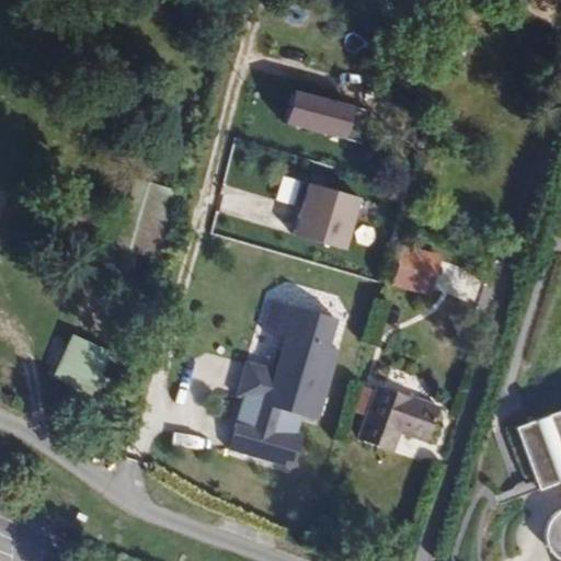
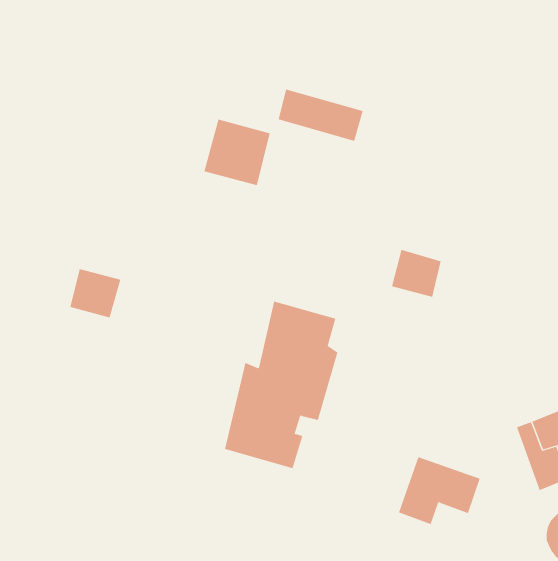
building: [295,181,362,248] -> [204,119,271,186]
building: [55,340,106,389] -> [69,269,121,318]
building: [360,385,443,453] -> [398,457,481,525]

